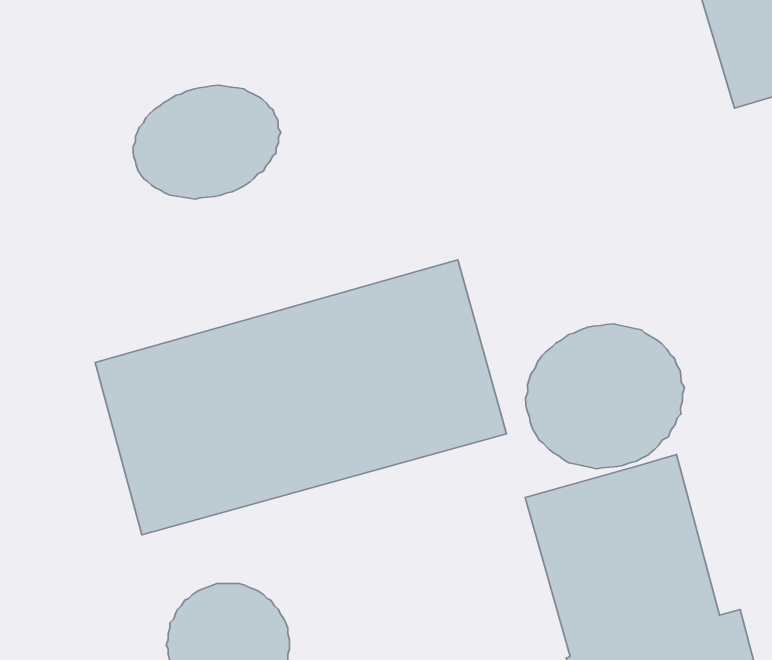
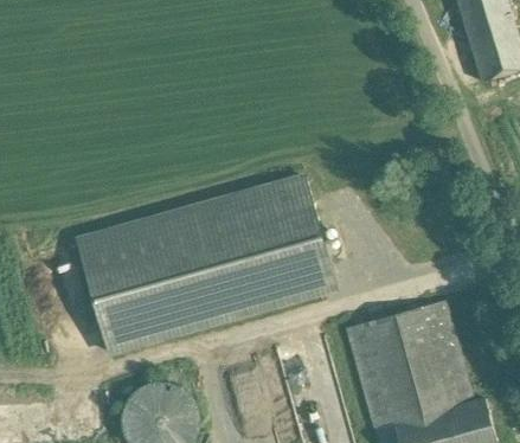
building: [133,85,281,199] -> none
building: [526,324,684,469] -> none

